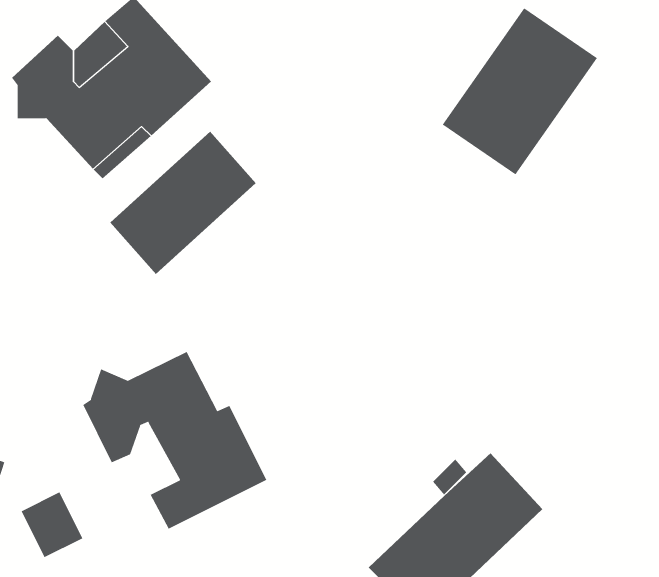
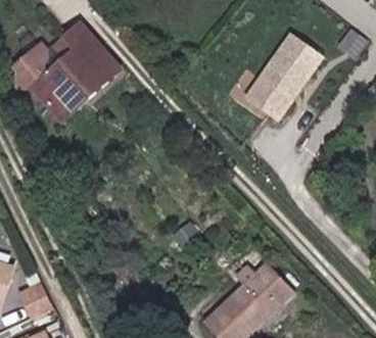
building: [109,131,257,275] -> none
building: [82,351,267,530] -> none

